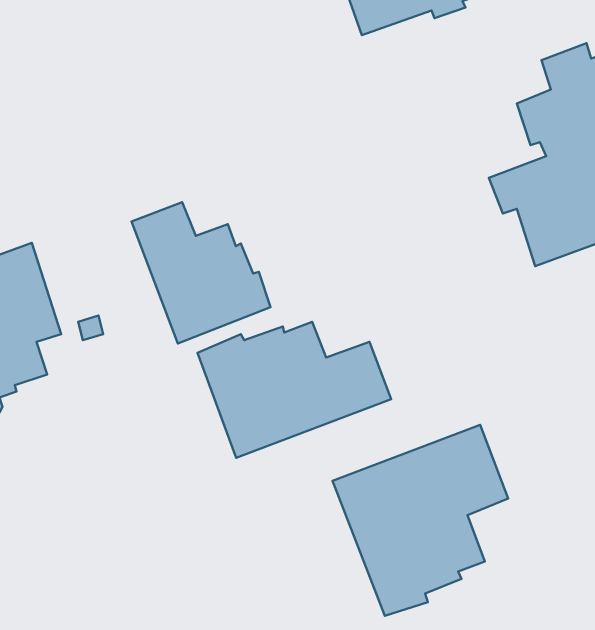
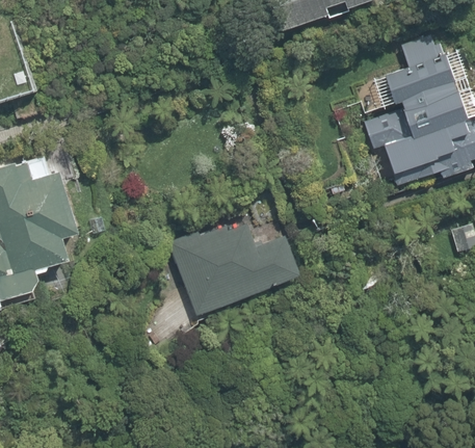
building: [131,202,271,344] -> none
building: [332,425,508,616] -> none

